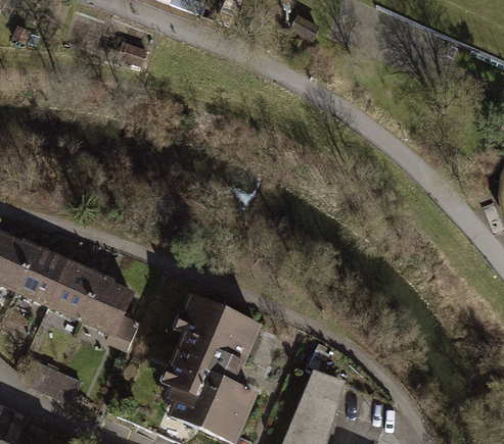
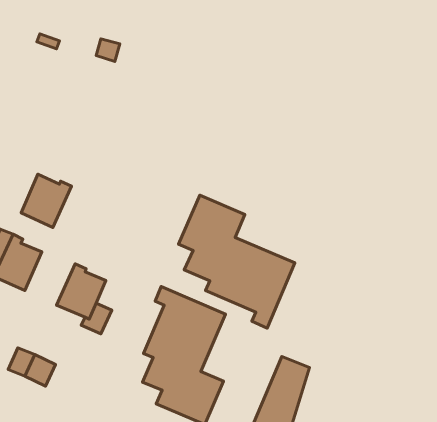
building: none -> [179,195,295,328]
building: [48,263,100,318] -> [21,174,71,228]

